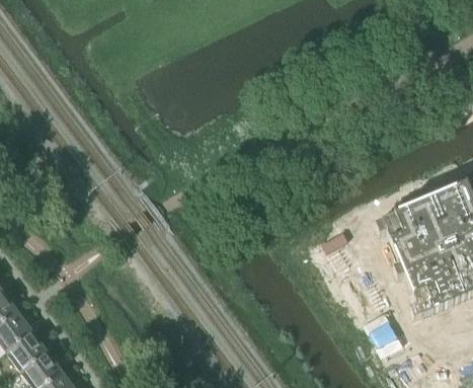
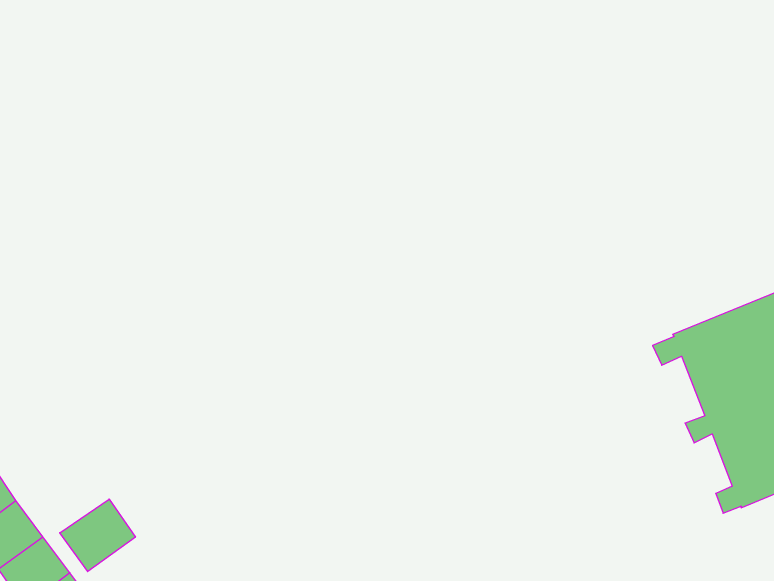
building: none -> [60,499,135,572]

